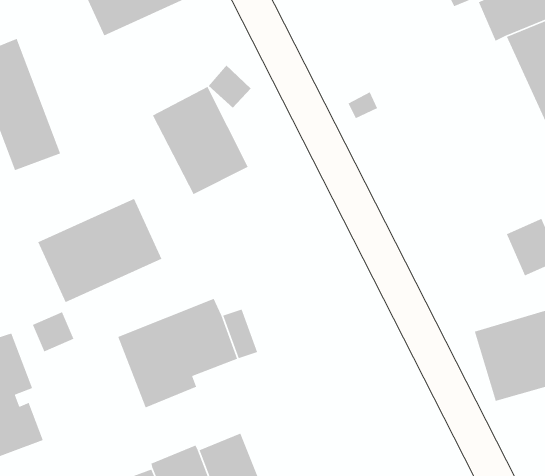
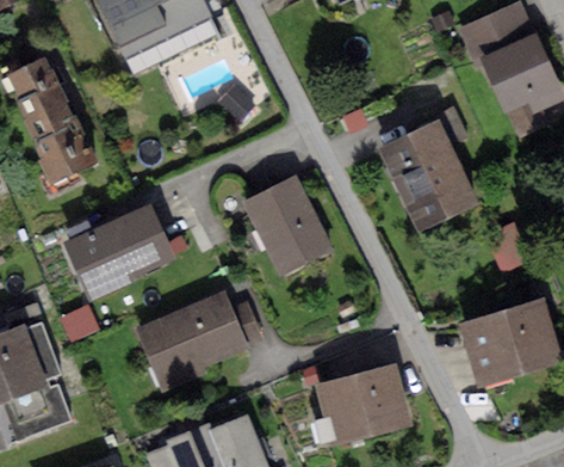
building: [152,86,249,195] -> [246,177,333,275]
building: none -> [374,109,482,235]
building: none -> [311,368,405,443]

